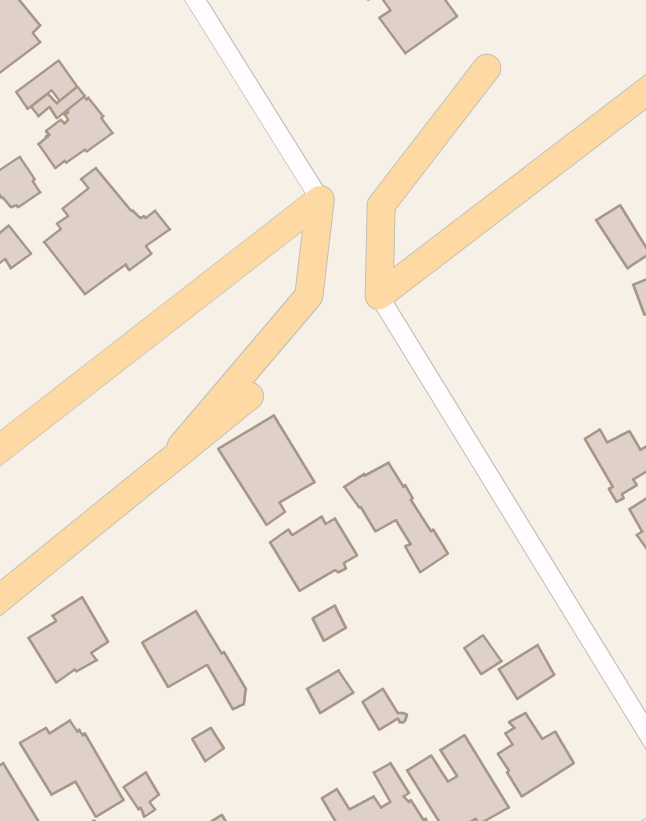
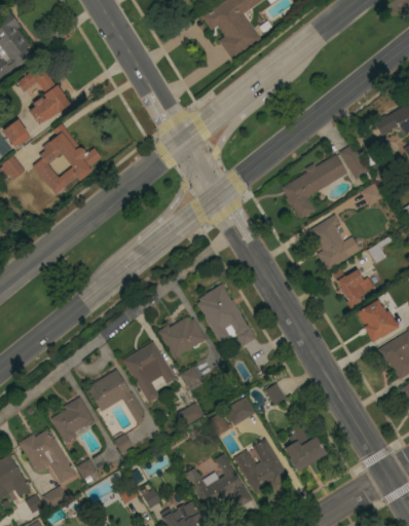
building: none -> [282,155,347,219]
building: none -> [310,215,360,271]
building: [218,415,315,525] -> [123,342,177,403]
building: [28,597,108,682] -> [51,397,96,444]
building: [499,645,554,699] -> [225,397,256,426]

